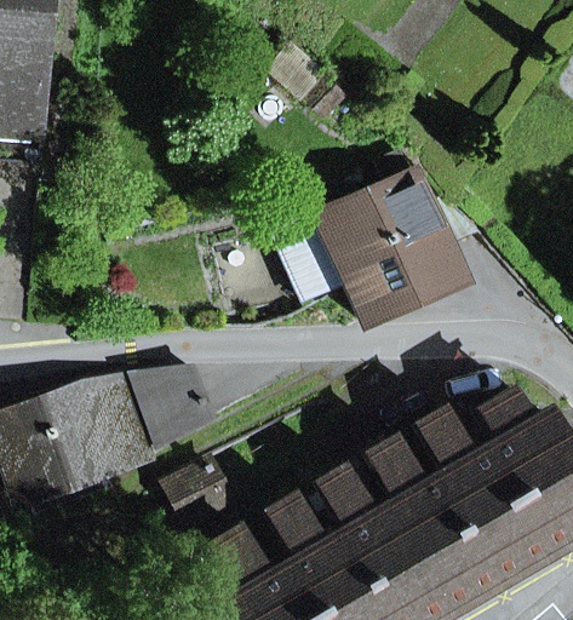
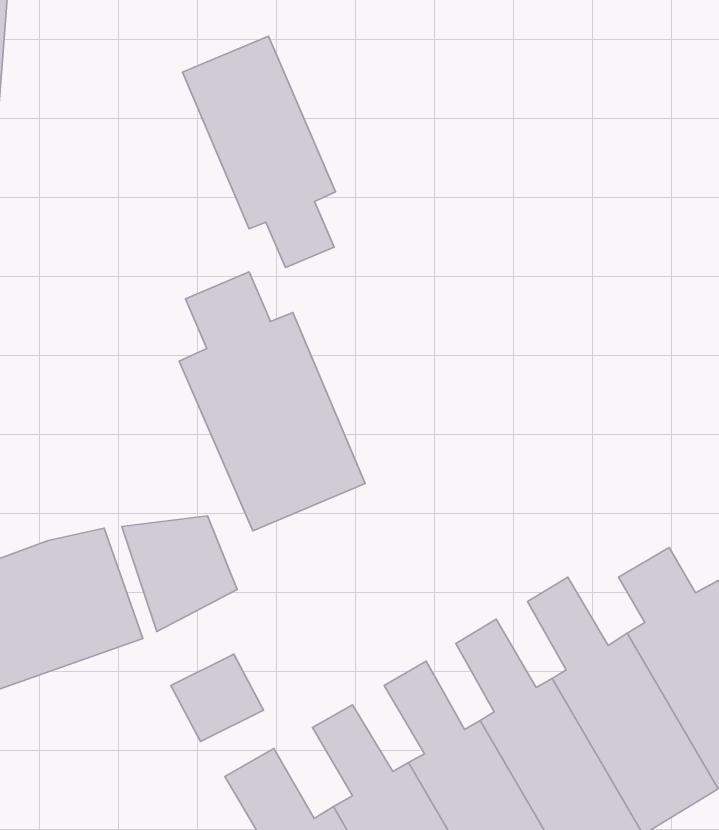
building: none -> [183,36,336,268]
building: [271,153,471,320] -> none
building: none -> [179,272,365,531]

